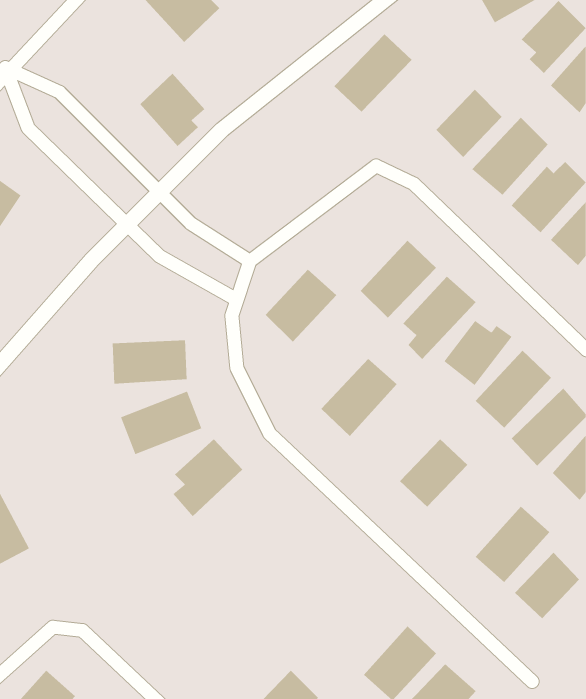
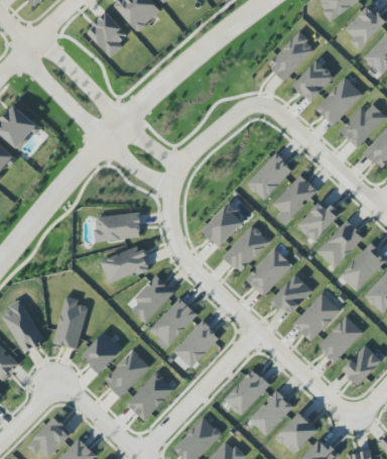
building: [334,34,412,112] -> [267,32,315,81]
building: [140,73,205,147] -> [87,12,127,58]
building: [265,269,337,343] -> [202,203,246,248]
building: none -> [245,248,292,297]
building: none -> [292,293,340,341]
building: none -> [53,296,87,349]
building: none -> [148,298,198,348]
building: none -> [173,320,220,367]
building: none -> [82,331,122,373]
building: none -> [103,350,149,397]
building: none -> [223,368,269,416]
building: none -> [126,372,174,421]

